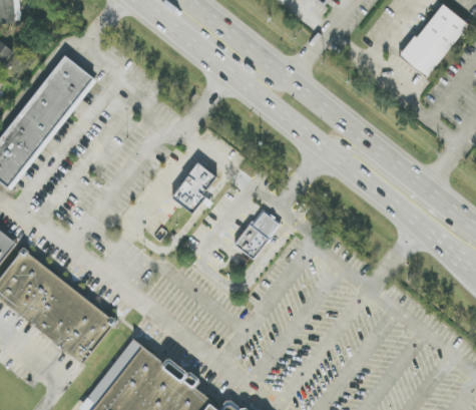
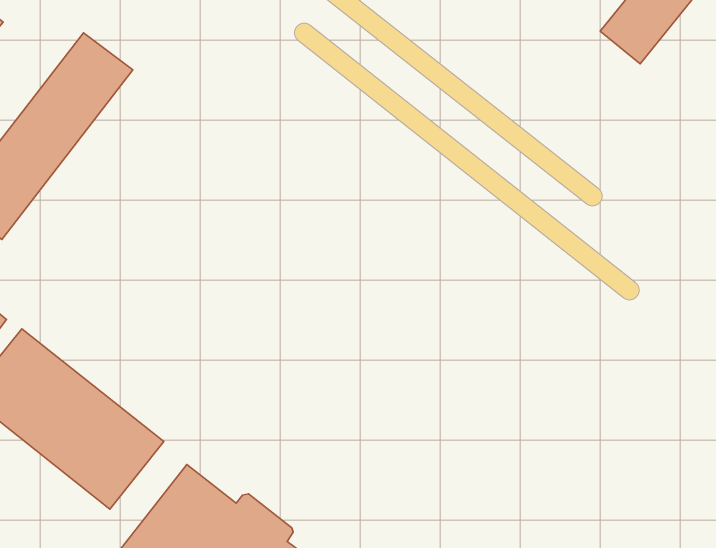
building: [170,160,216,213] -> none
building: [228,207,284,266] -> none

